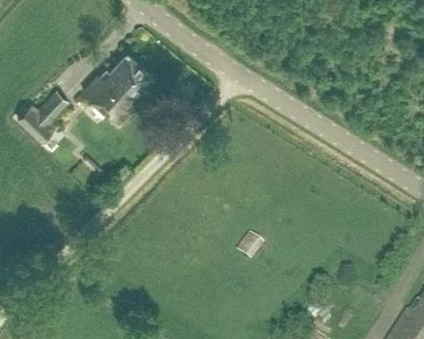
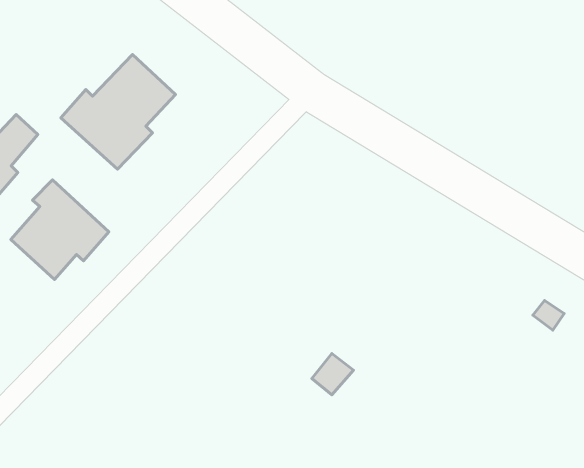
building: none -> [11,180,109,279]

